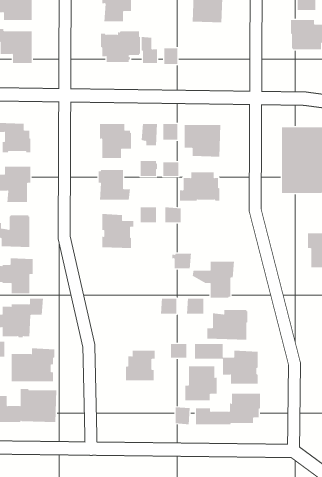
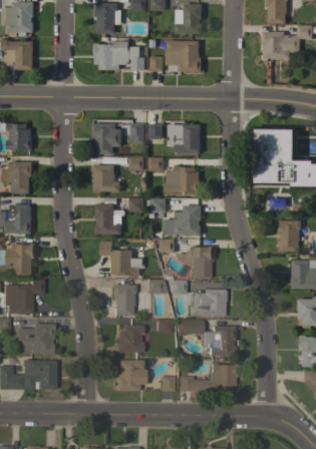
building: none -> [166,40,203,71]
building: none -> [165,204,203,236]
building: none -> [101,241,142,276]
building: none -> [112,284,135,315]
building: [185,366,217,401] -> [116,359,145,390]

